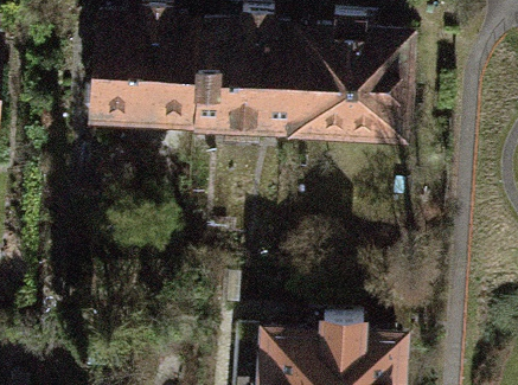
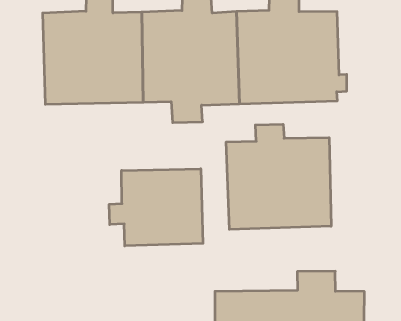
building: none -> [226,124,331,229]
building: none -> [109,169,203,246]

